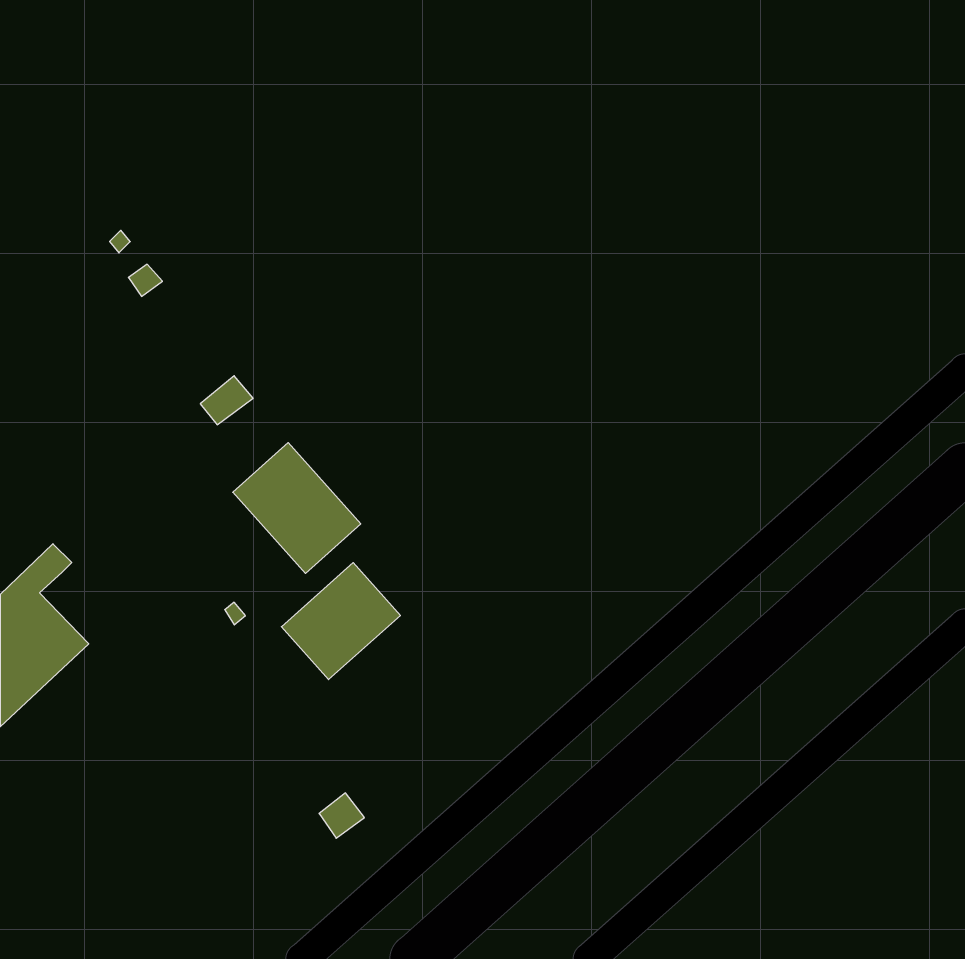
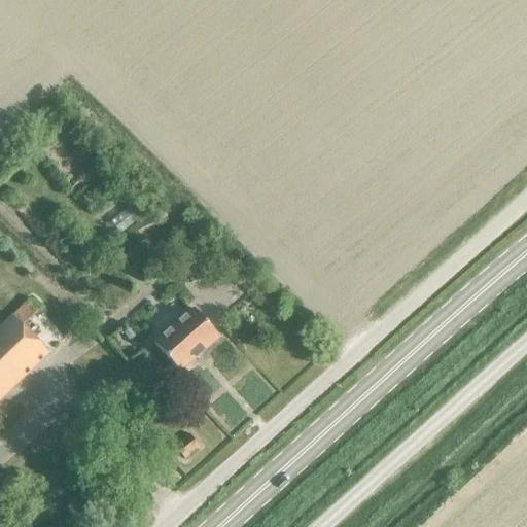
building: [233,443,361,573] -> none

